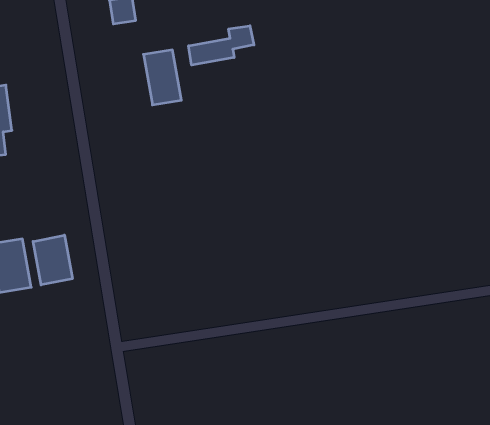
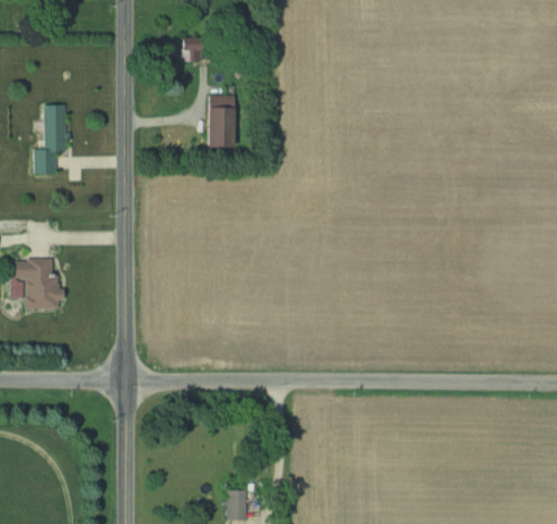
building: [189,26,254,65] -> none
building: [33,235,72,285] -> none

